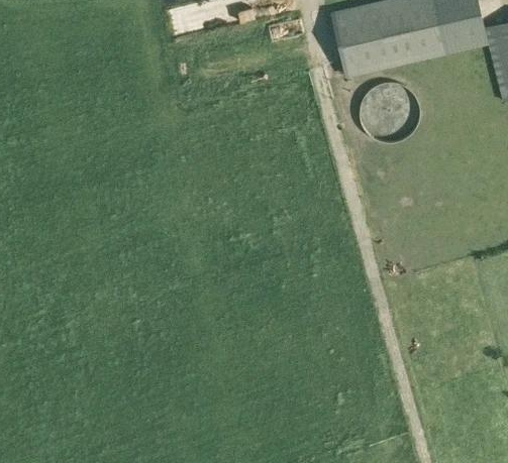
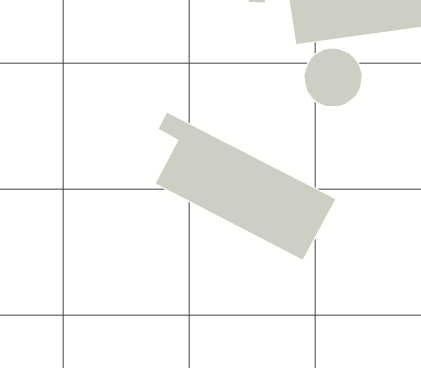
building: none -> [155,112,336,261]

